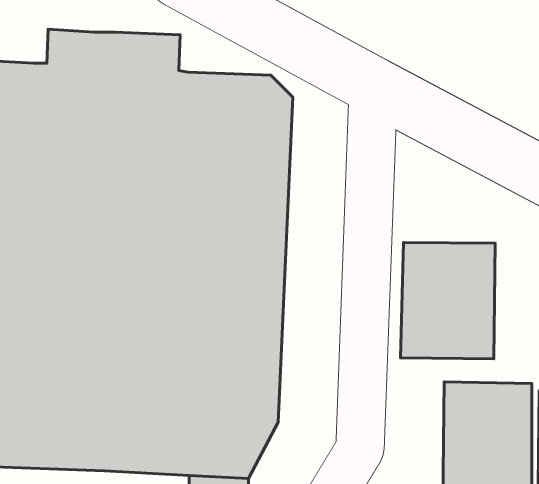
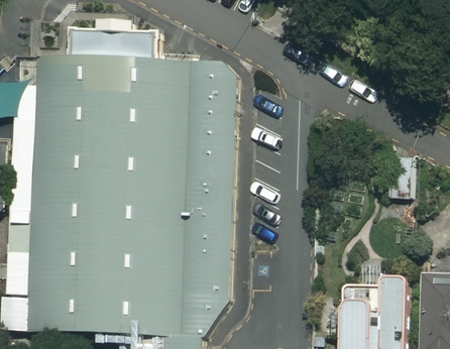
building: [401,243,495,359] -> none

